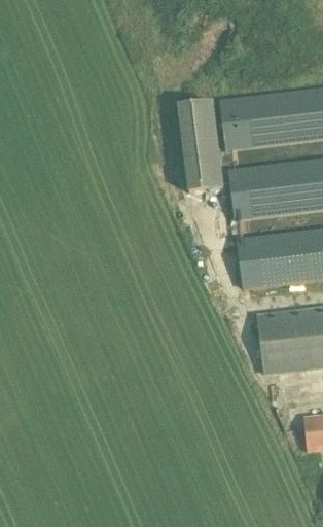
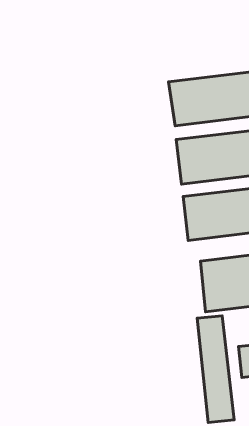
building: [177,100,223,191] -> none
building: none -> [197,316,234,422]

